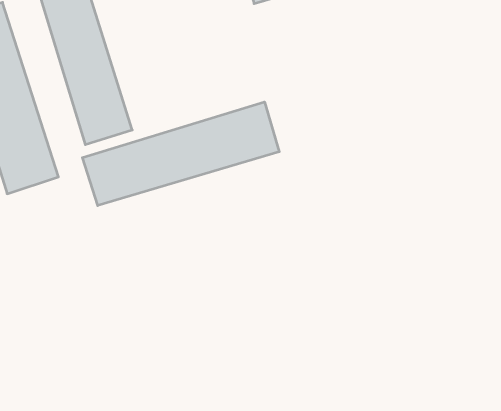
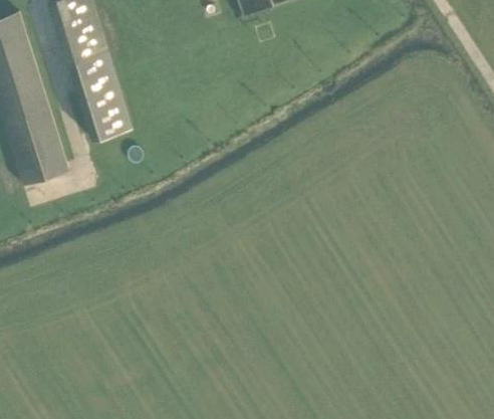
building: [82,102,279,206] -> none

